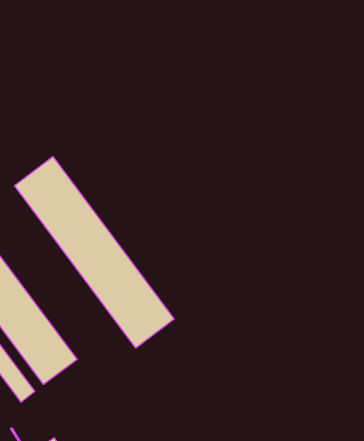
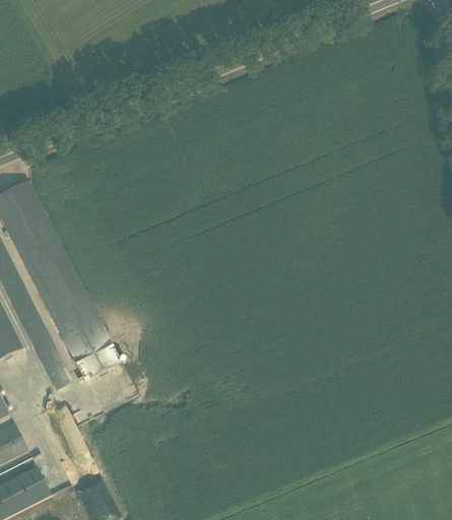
building: [14,157,174,348] -> none

